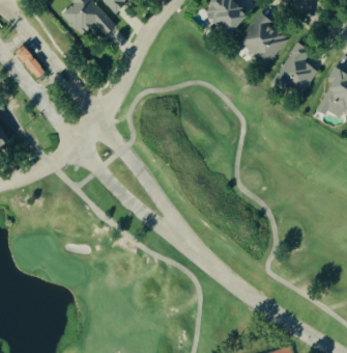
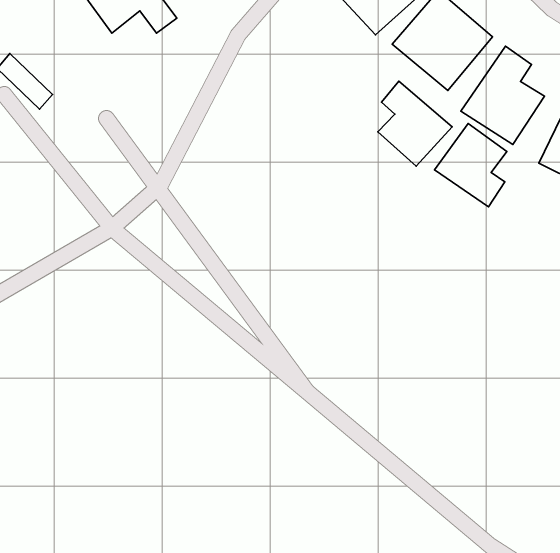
building: none -> [378,81,452,166]
building: none -> [435,123,507,207]

